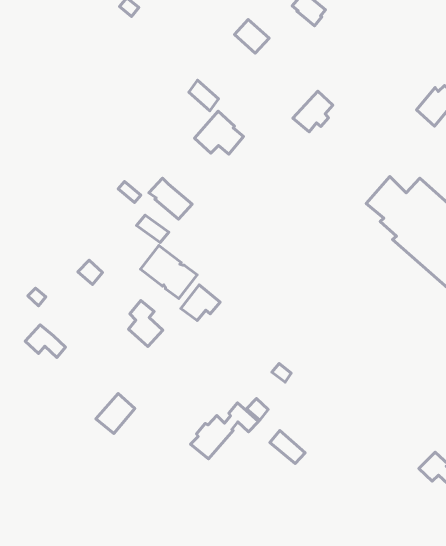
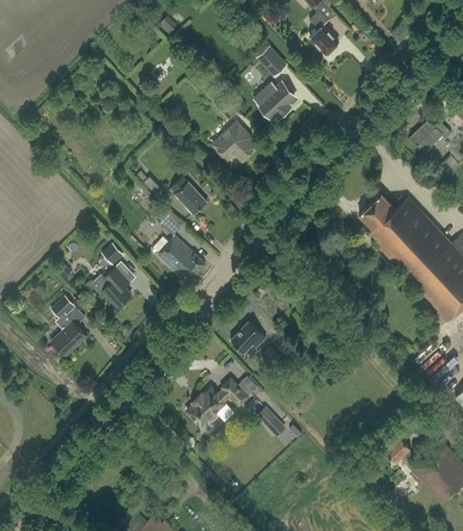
building: [293,91,333,132] -> [258,84,294,118]
building: [181,285,220,321] -> [231,322,266,353]
building: [128,300,163,346] -> [102,268,132,309]
building: [96,393,135,434] -> [51,322,86,356]

